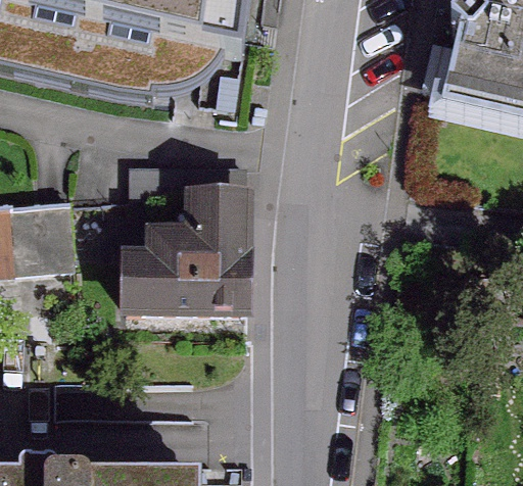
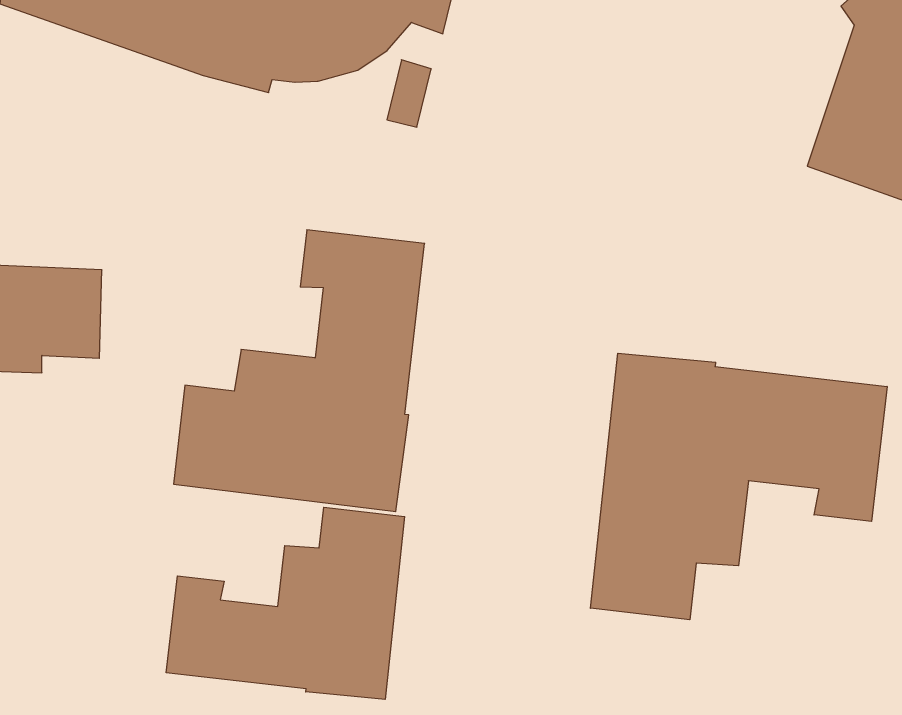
building: none -> [590,353,887,620]
building: none -> [166,507,405,699]

